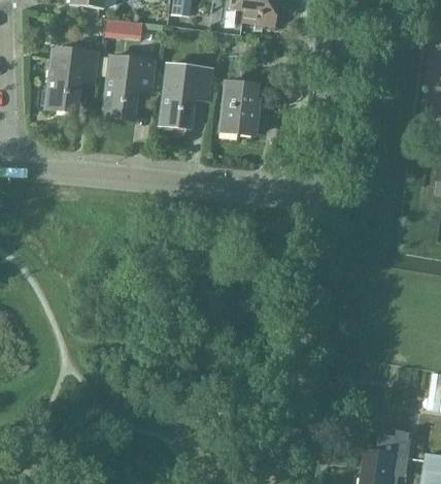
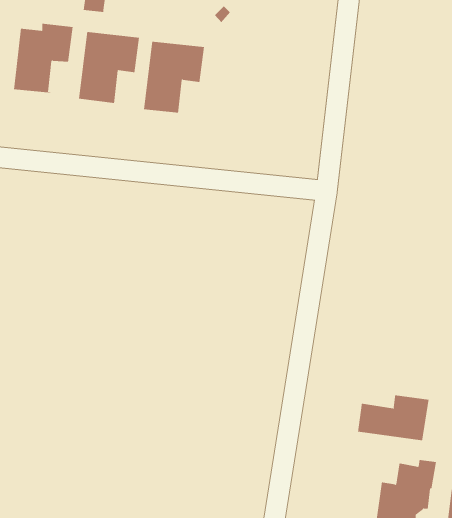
building: [218,79,264,133] -> none
building: none -> [358,395,429,441]

